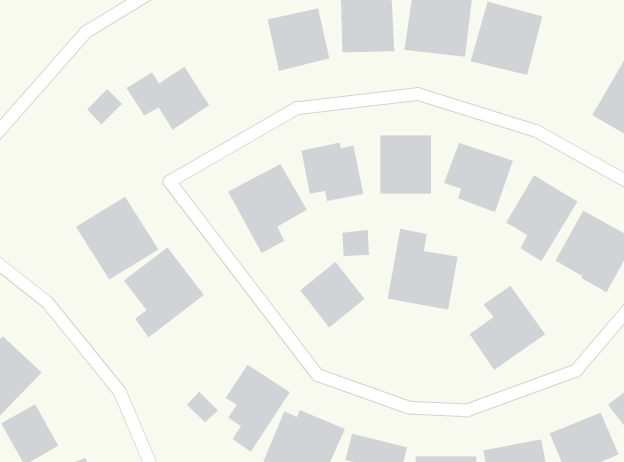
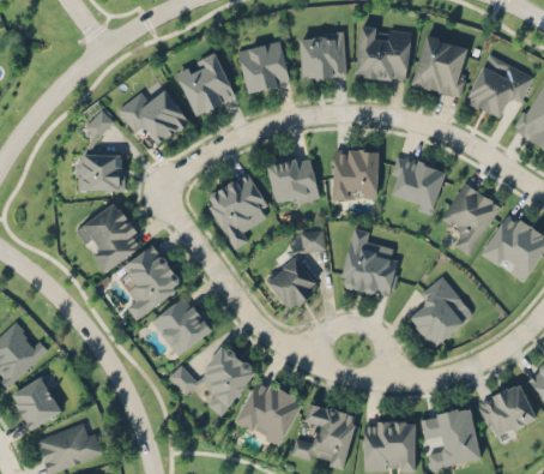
building: none -> [175,53,237,116]
building: none -> [465,54,533,119]
building: none -> [77,155,123,191]
building: none -> [150,293,216,358]

